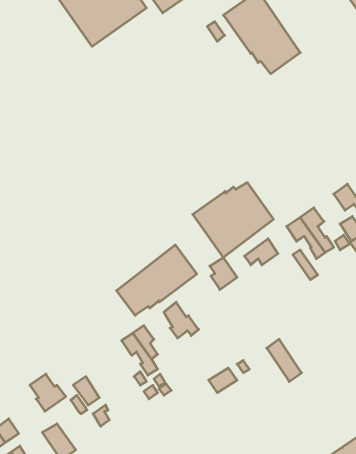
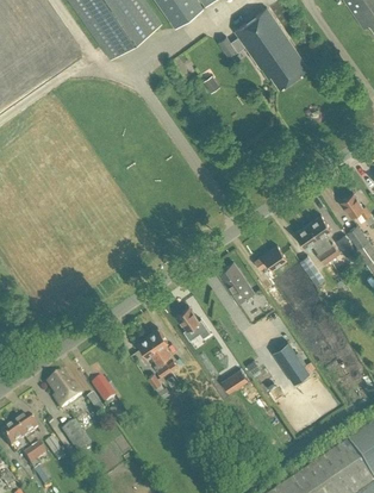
building: [193,183,273,257] -> none
building: [117,245,197,315] -> none

